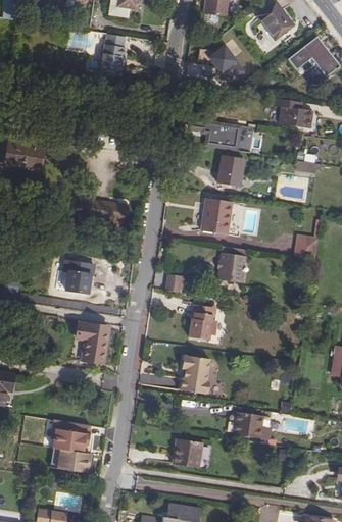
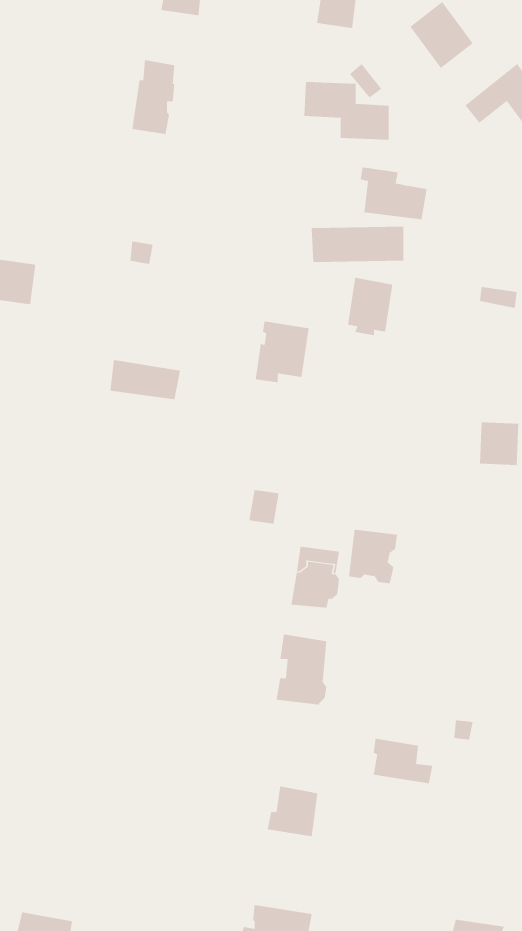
building: [274,98,311,127] -> [360,167,428,220]
building: [200,198,231,232] -> [255,321,310,383]
building: [218,252,246,282] -> [348,529,398,584]
building: [63,255,94,288] -> none
building: [80,322,108,362] -> none
building: [49,429,91,475] -> none

